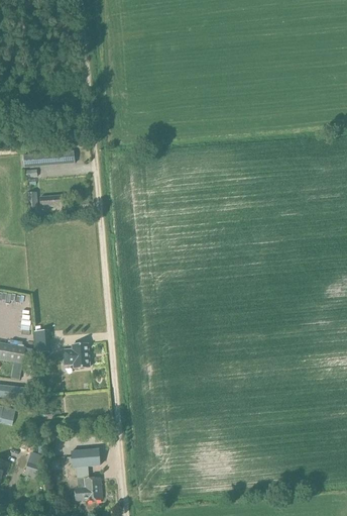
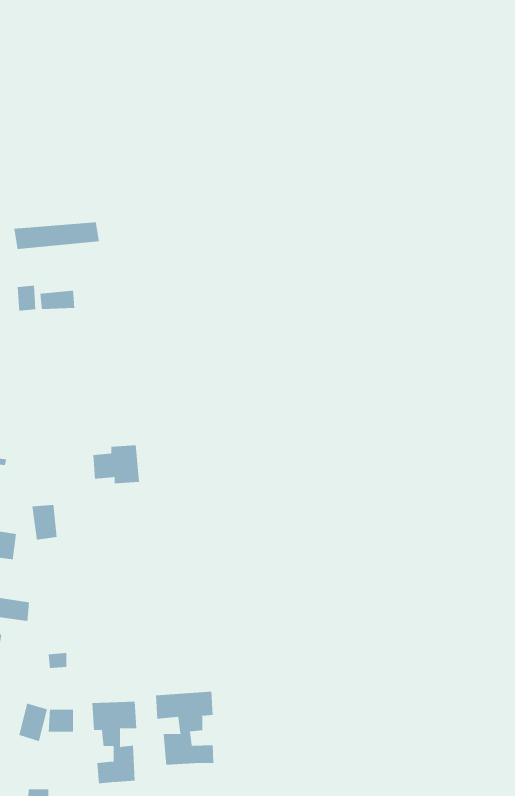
building: [61,343,90,368] -> [93,445,140,484]
building: none -> [156,691,214,765]

